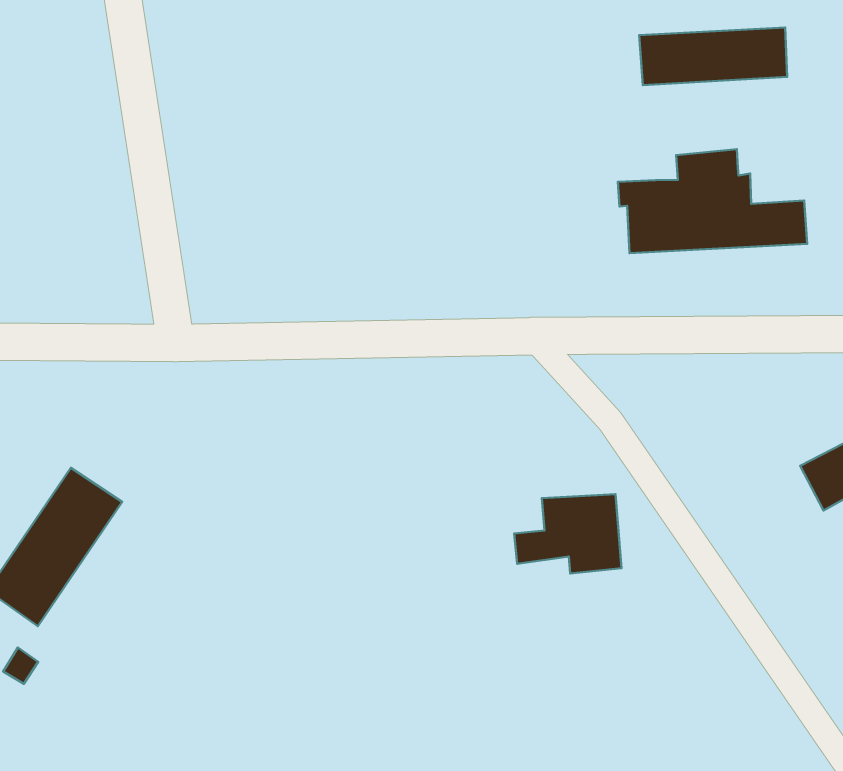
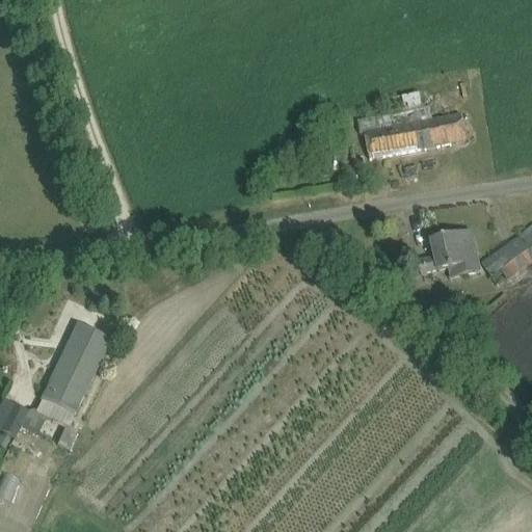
building: [639,28,787,85] -> none
building: [514,494,621,574] -> [419,230,481,277]

